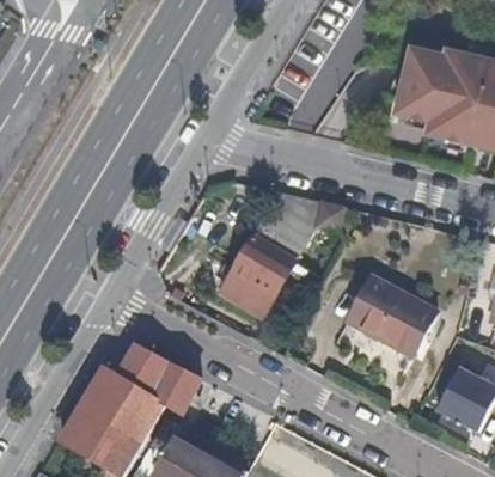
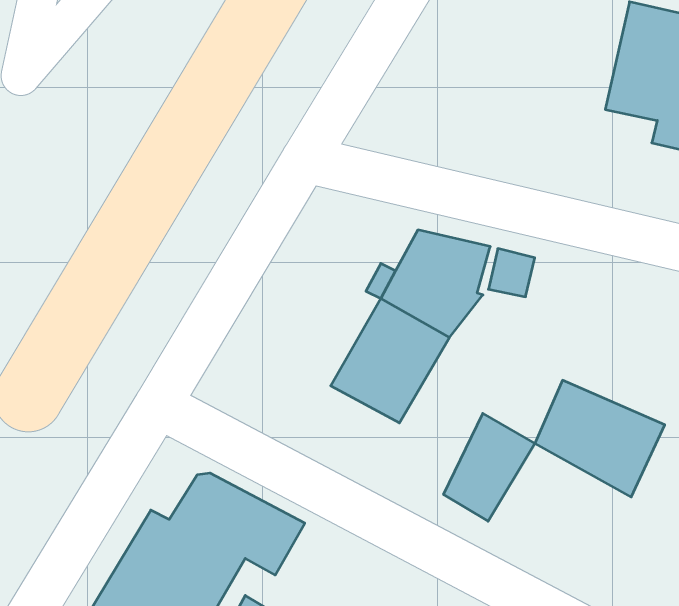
building: none -> [444,413,535,521]

